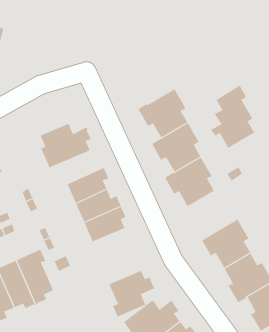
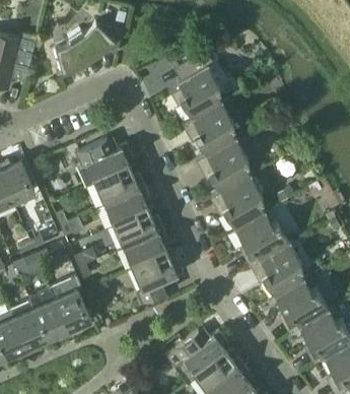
building: none -> [56,23,123,76]
building: [210,85,255,149] -> [173,51,222,120]
building: none -> [95,170,146,206]
building: none -> [235,213,290,267]
building: [109,270,156,317] -> [133,254,184,305]

